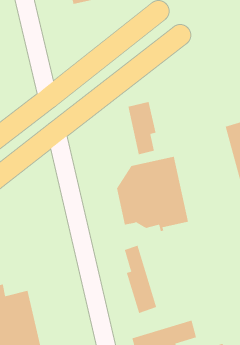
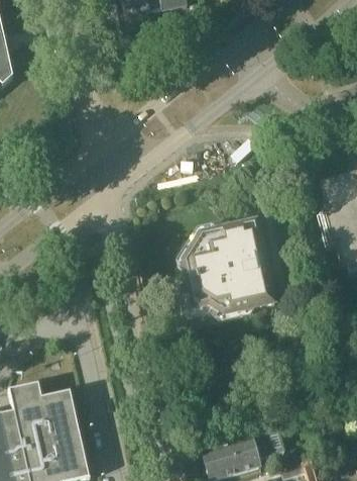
building: [128,101,156,155] -> none
building: [124,245,157,314] -> none

